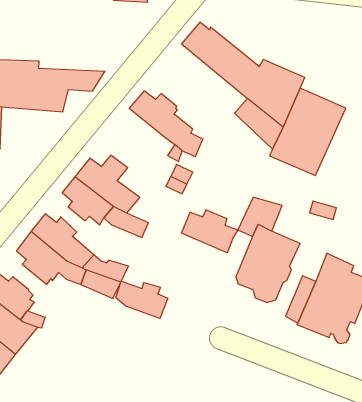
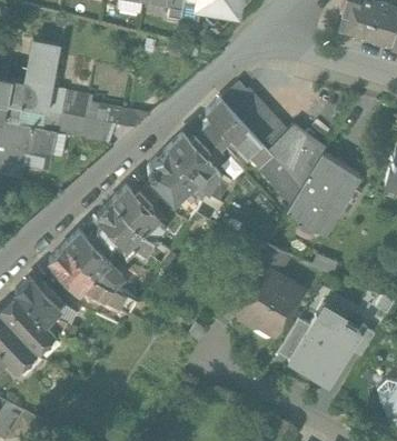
building: none -> [206,100,274,168]
building: none -> [148,150,197,203]
building: [182,210,238,253] -> none
building: [116,281,168,319] -> none

